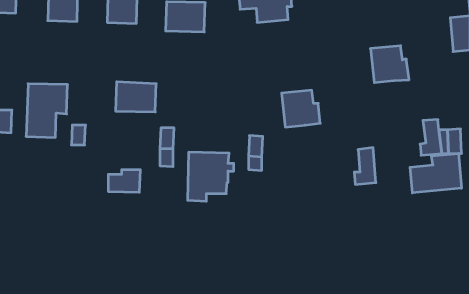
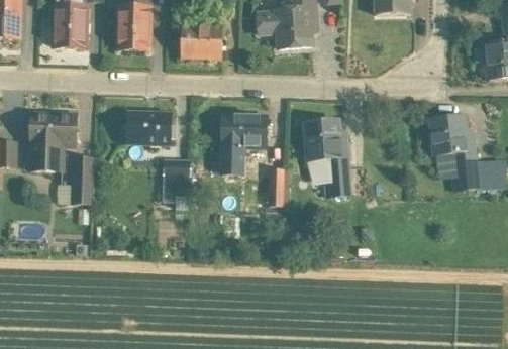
building: [370,46,409,83] -> [430,115,472,154]
building: [354,148,376,184] -> [325,155,348,195]
building: [188,152,234,201] -> [221,114,271,166]
building: [410,153,461,193] -> none
building: [108,170,140,192] -> [59,179,93,203]

